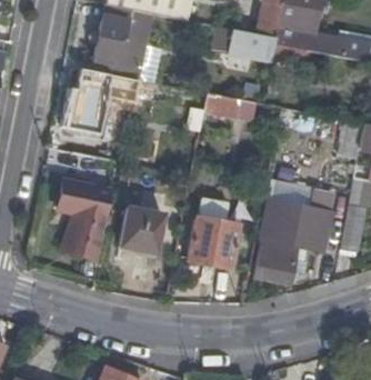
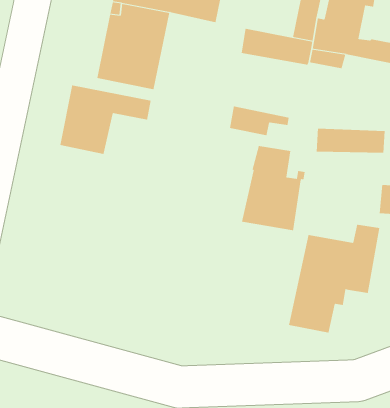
building: [58,178,113,260] -> none
building: [187,196,241,268] -> [241,146,306,231]
building: [119,207,164,253] -> none

